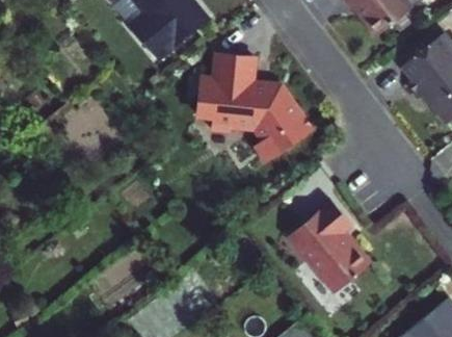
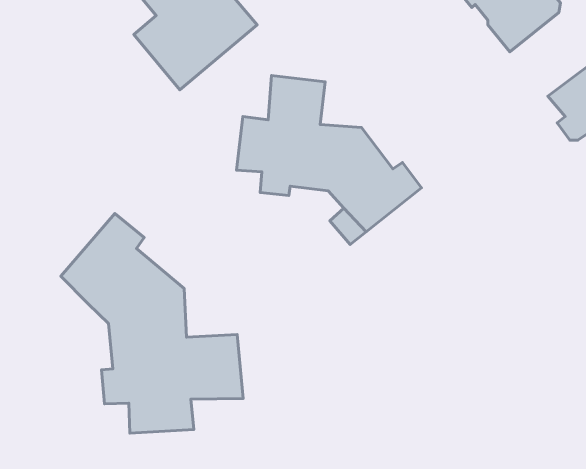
building: none -> [61,213,243,433]
building: [288,199,372,292] -> none

